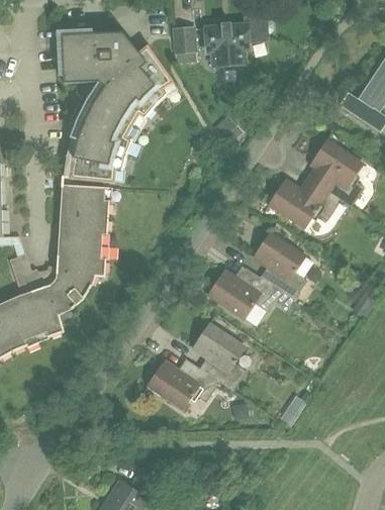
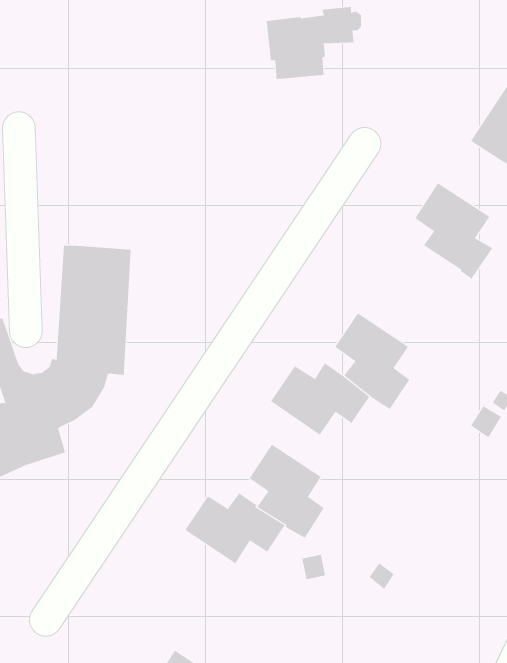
building: [171,26,193,64] -> none
building: [57,32,171,181] -> none
building: [267,177,342,227] -> none

